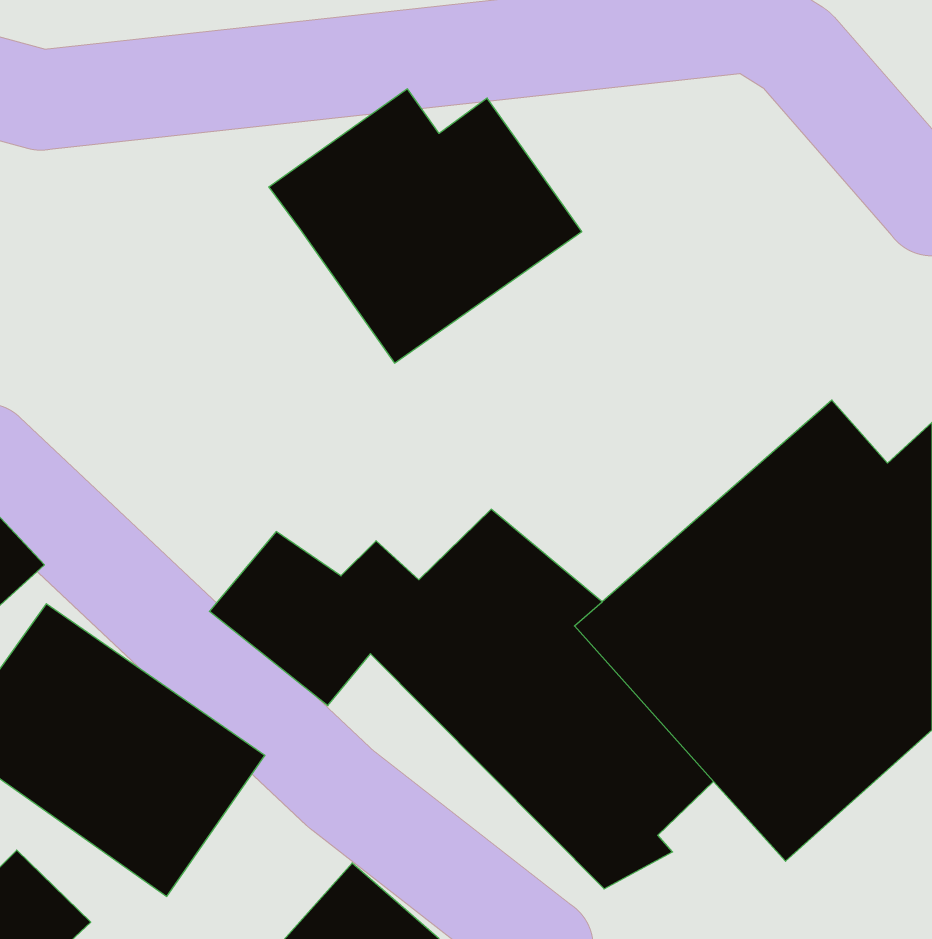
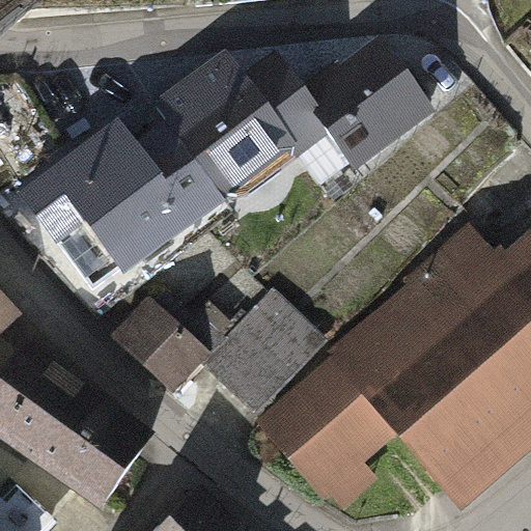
building: none -> [303,38,440,168]
building: none -> [15,112,221,300]

